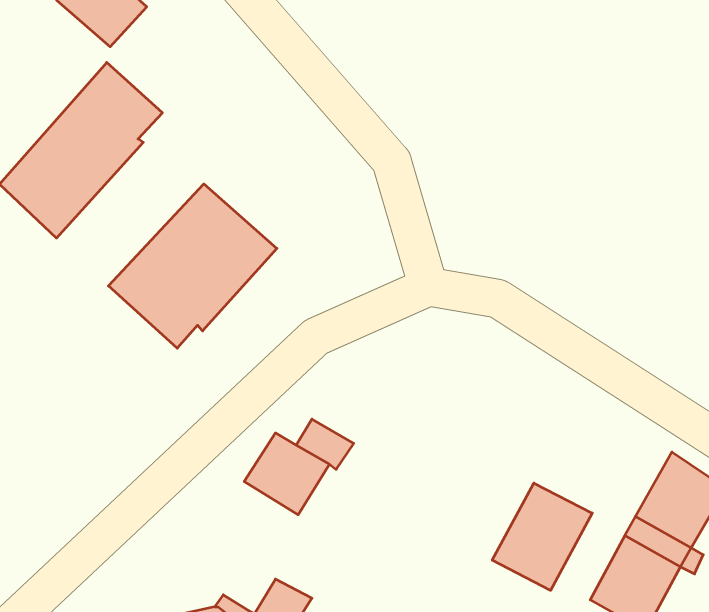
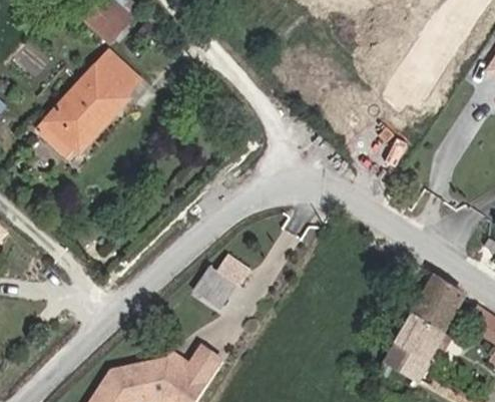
building: [108,184,277,348] -> none
building: [492,483,592,590] -> none

